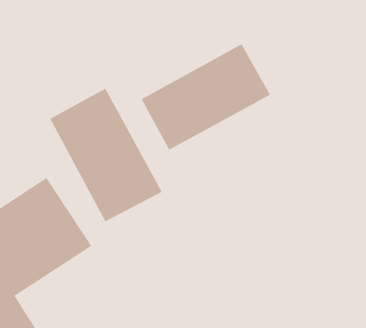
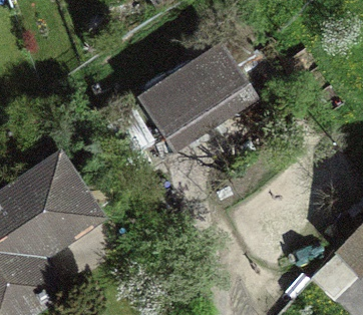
building: [49,88,162,222] -> none

